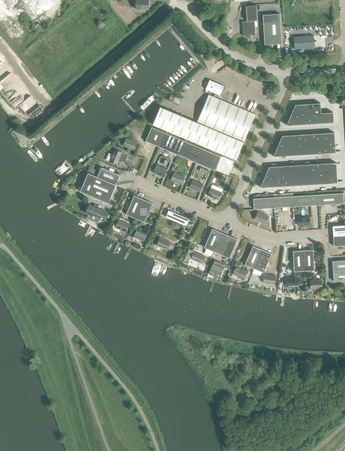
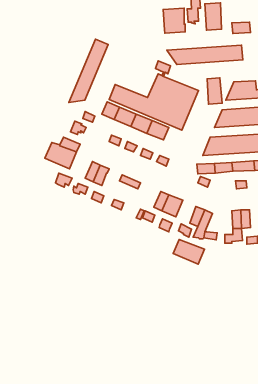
building: none -> [163,8,185,33]
building: none -> [69,39,108,102]
building: none -> [167,45,243,64]
building: none -> [207,78,222,104]
building: none -> [173,239,204,264]

